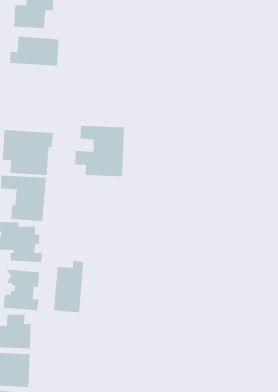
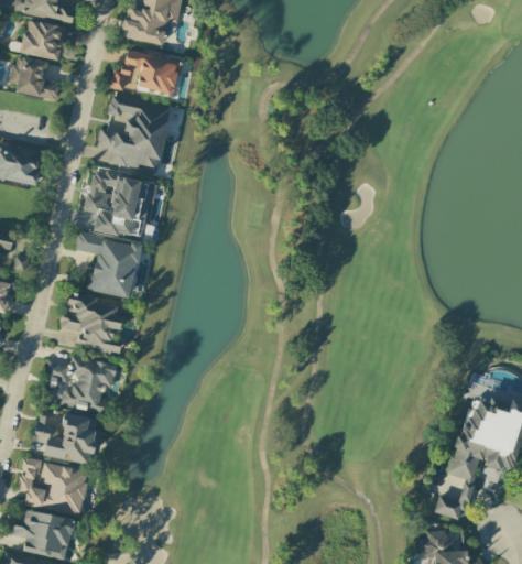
building: [74,125,125,177] -> [97,97,170,172]
building: [54,260,84,313] -> none

